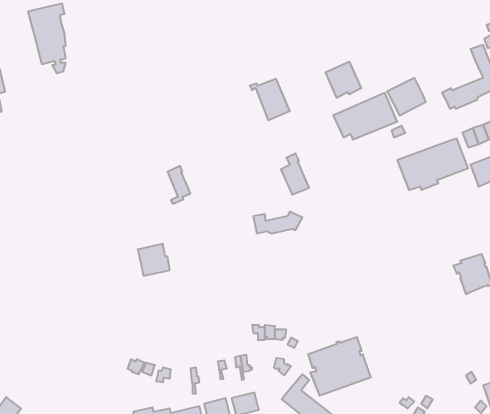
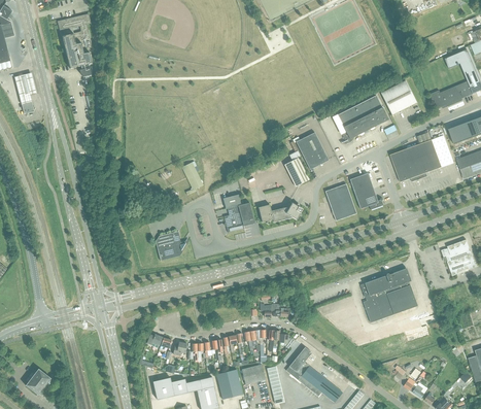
building: [326,62,361,98] -> none
building: [250,79,290,120] -> [294,131,330,168]
building: none -> [350,172,383,209]
building: none -> [325,183,356,220]
building: none -> [225,193,255,231]
building: [308,337,371,396] -> [360,269,417,321]

